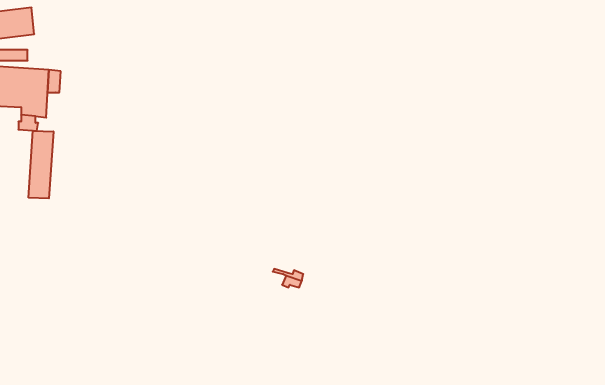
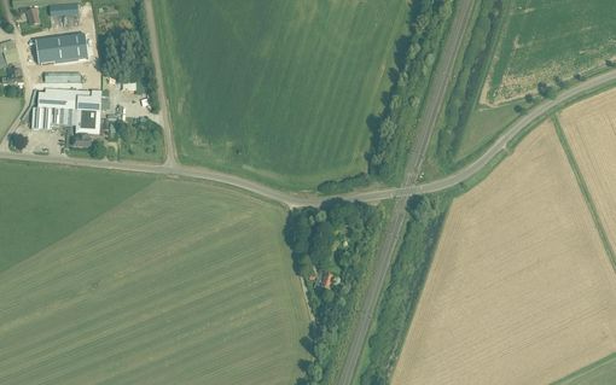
building: [29,131,53,198] -> none

